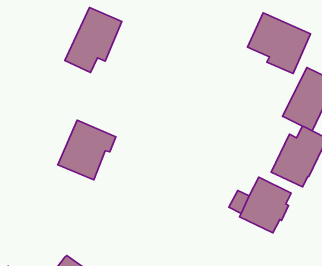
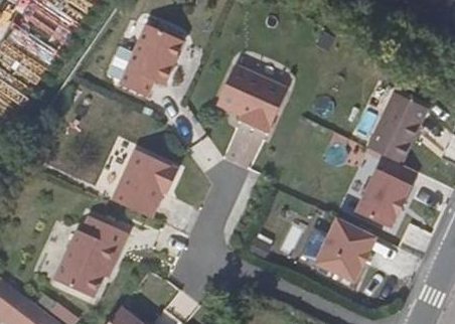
building: [247,13,311,73] -> [215,63,288,133]
building: none -> [52,216,128,299]

